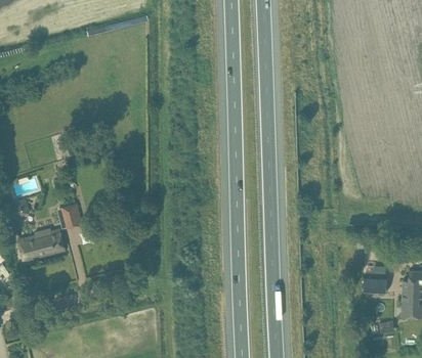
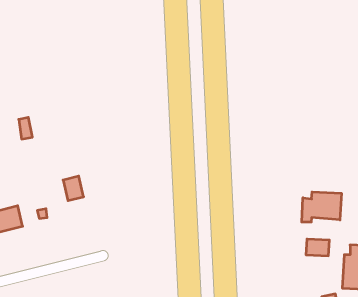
building: [61,204,83,229] -> [63,176,84,201]
building: none -> [302,192,341,222]

